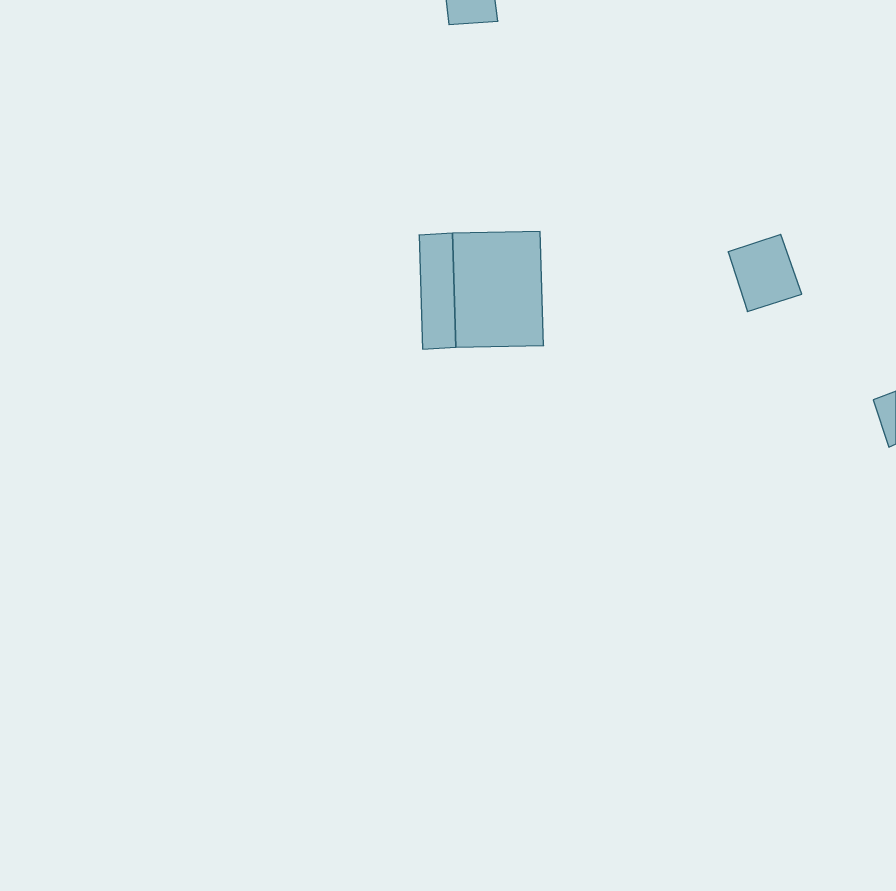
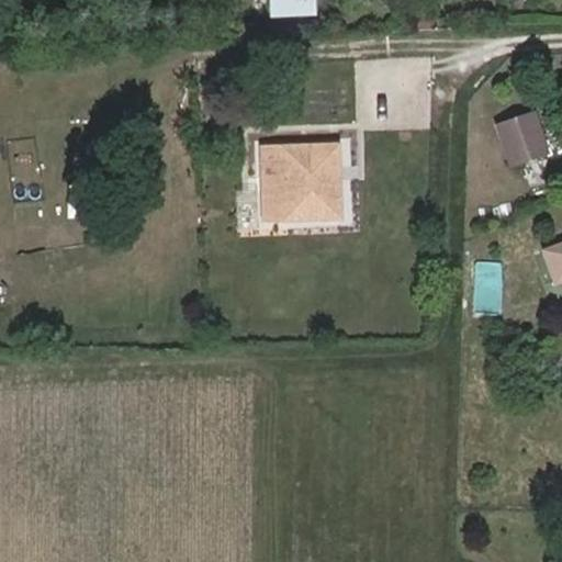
building: [728,234,802,312] -> [499,114,546,162]

